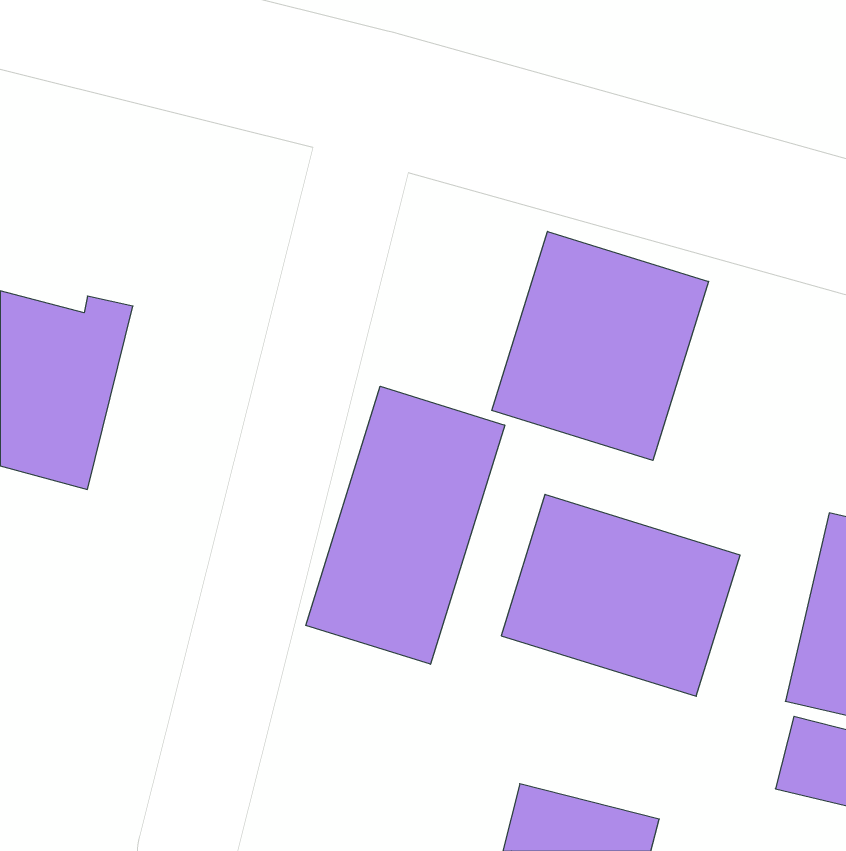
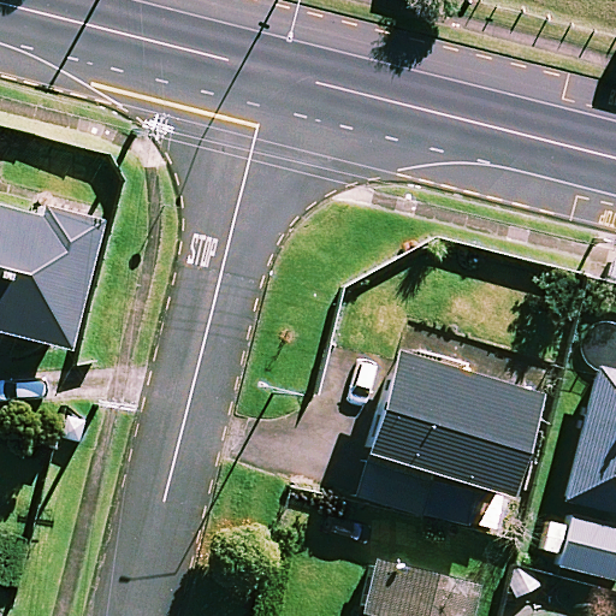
building: [492,231,709,460] -> none
building: [306,386,505,664] -> none

